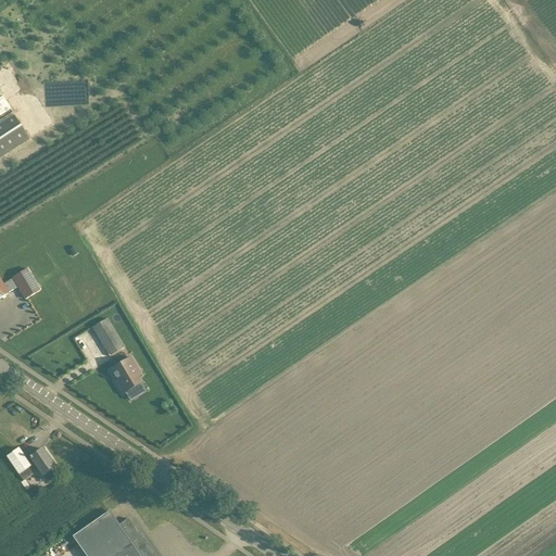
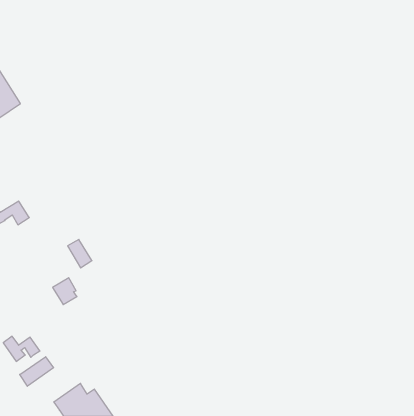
building: [108,358,140,394] -> [53,278,77,305]
building: none -> [20,357,54,386]

